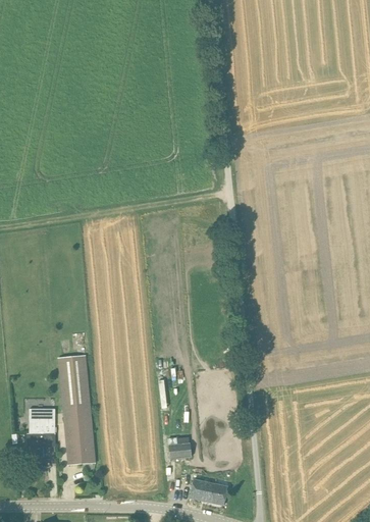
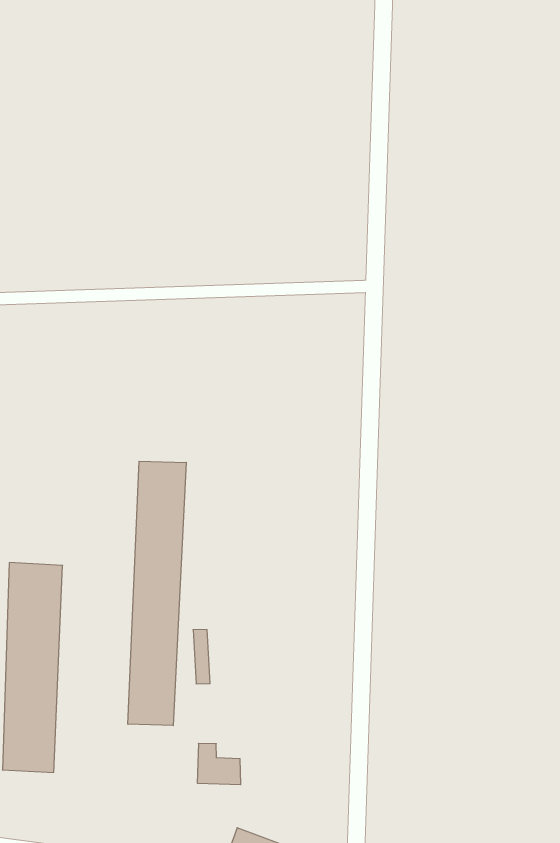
building: none -> [128,461,186,726]

